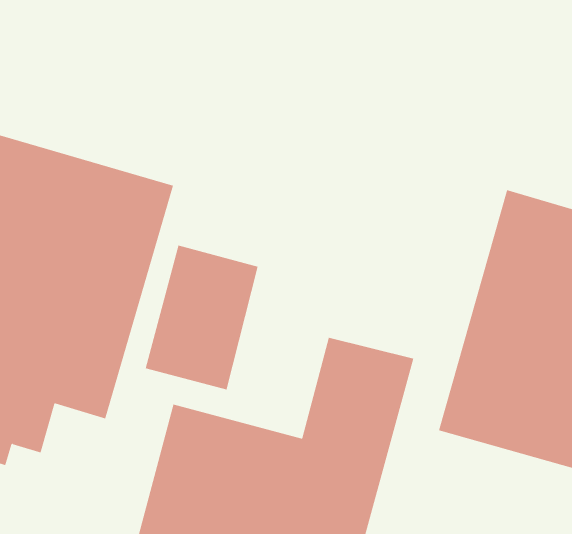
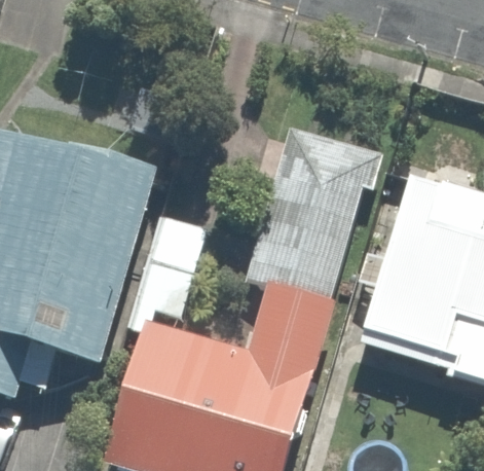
building: none -> [243,123,382,296]

